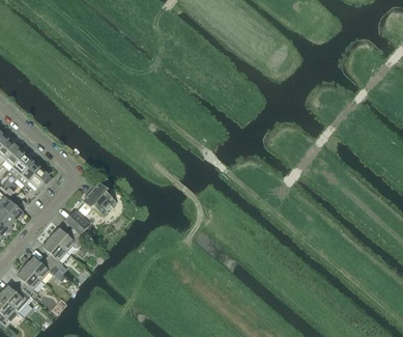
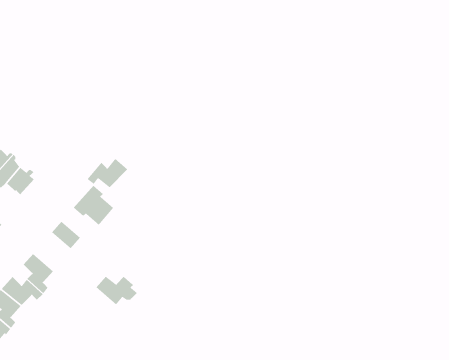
building: none -> [87,158,128,188]
building: [50,220,84,251] -> [95,267,138,306]

